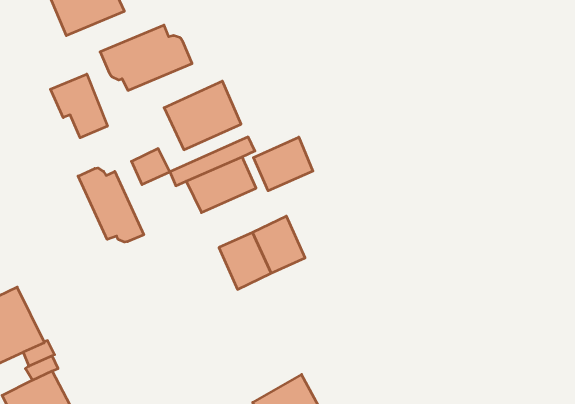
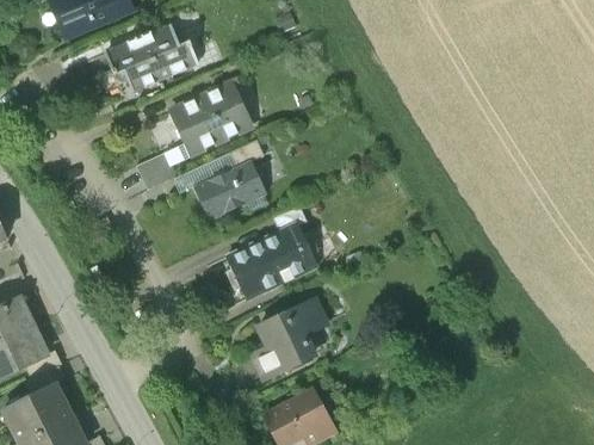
building: [50,74,107,138] -> none
building: [253,137,313,191] -> none
building: [78,168,144,242] -> none
building: none -> [252,298,323,377]

